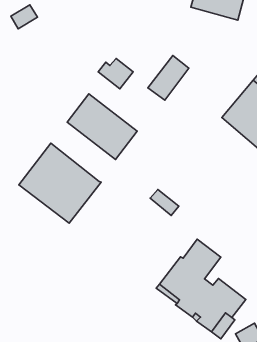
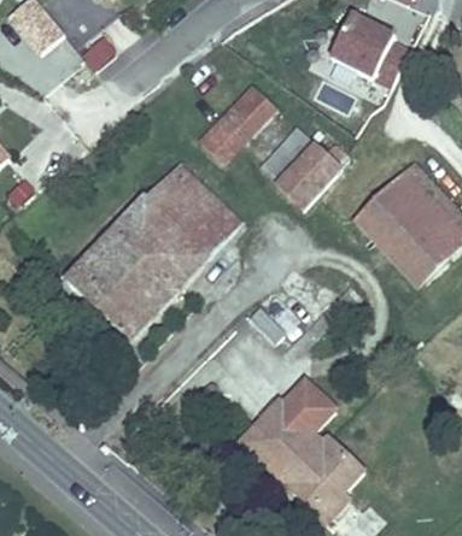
building: none -> [218,84,275,142]
building: none -> [277,143,349,210]
building: none -> [117,202,204,288]

